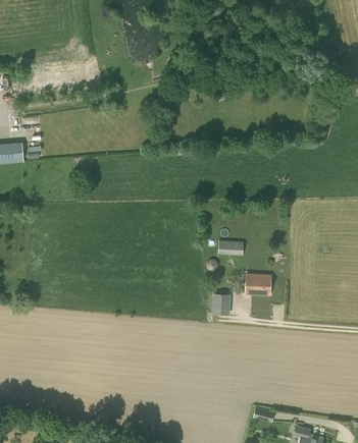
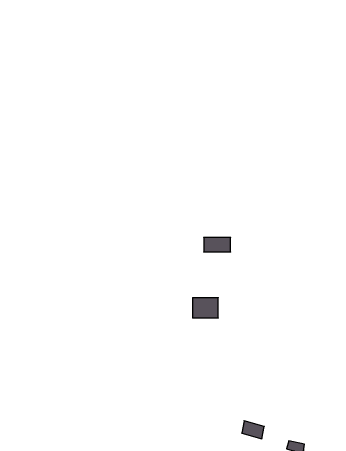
building: [245,274,270,293] -> none

